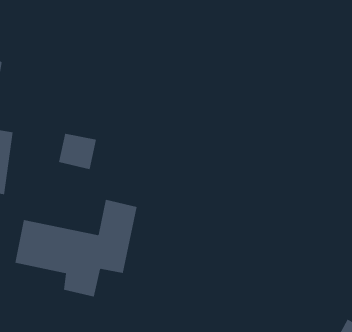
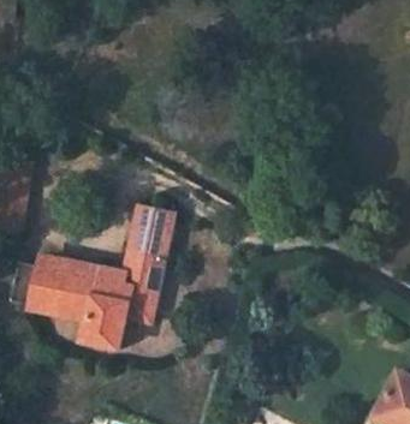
building: [58,133,97,170] -> [130,205,173,246]

